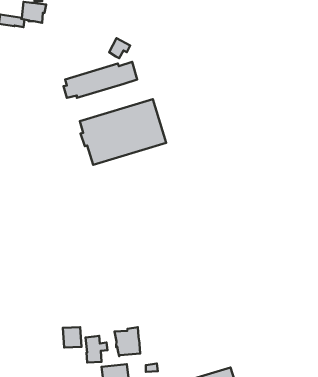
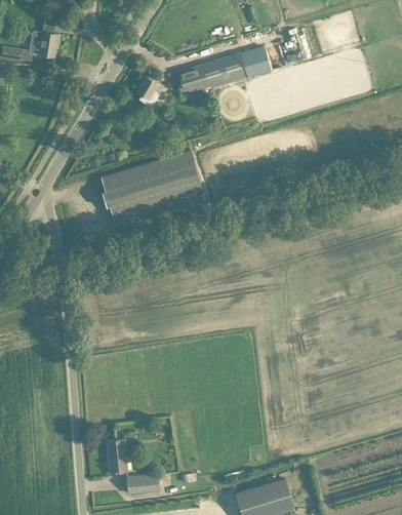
building: [63,62,137,98] -> [175,50,266,94]
building: [115,327,140,356] -> none
building: [63,327,81,348] -> none

